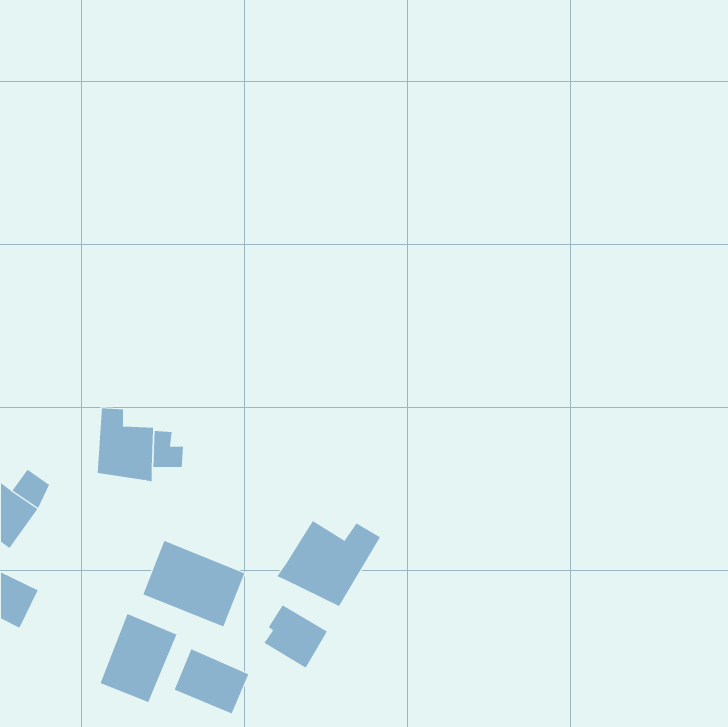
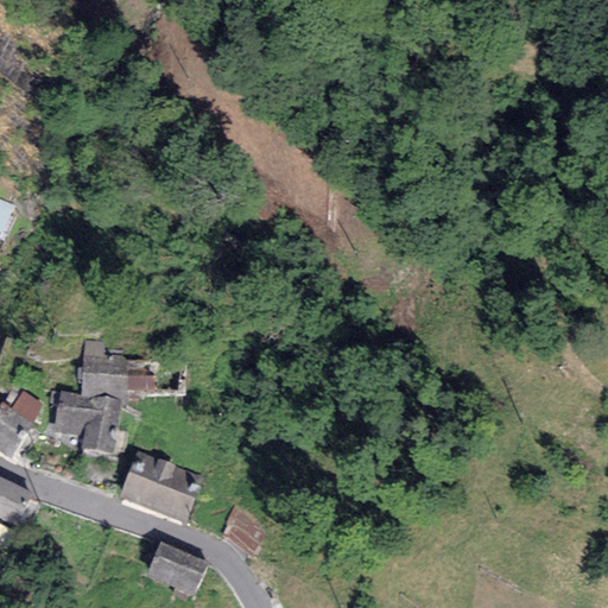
building: none -> [53,391,121,452]
building: [277,520,381,607] -> none
building: [100,613,177,703] -> none

